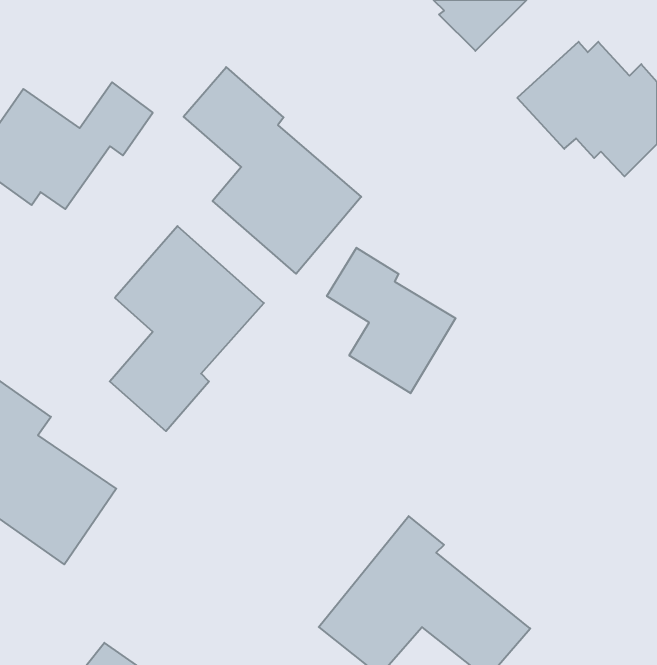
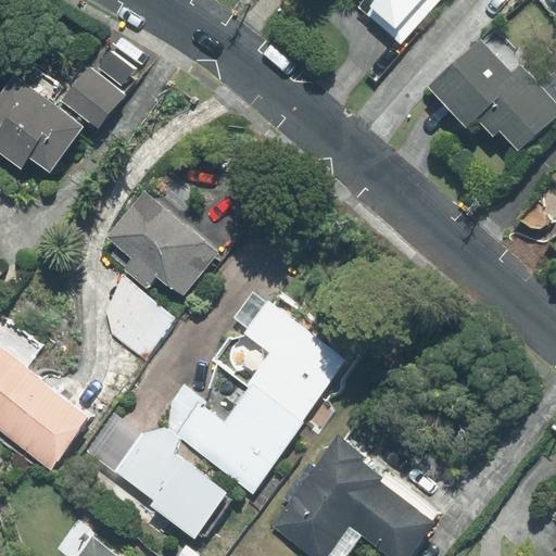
building: [184,67,361,274] -> none
building: [327,248,456,393] -> none
building: none -> [94,305,342,533]

